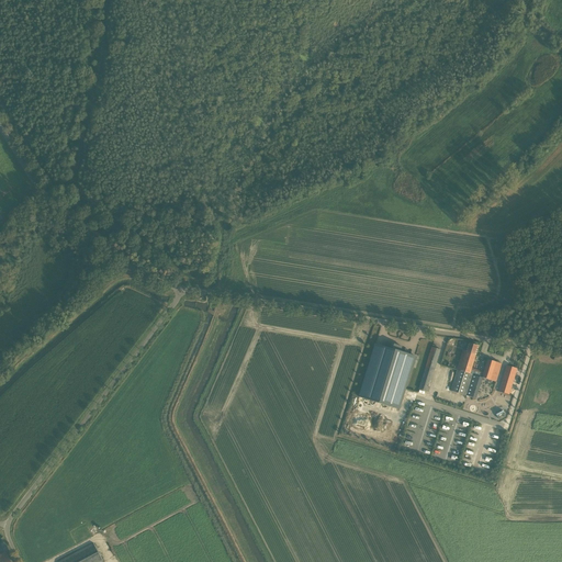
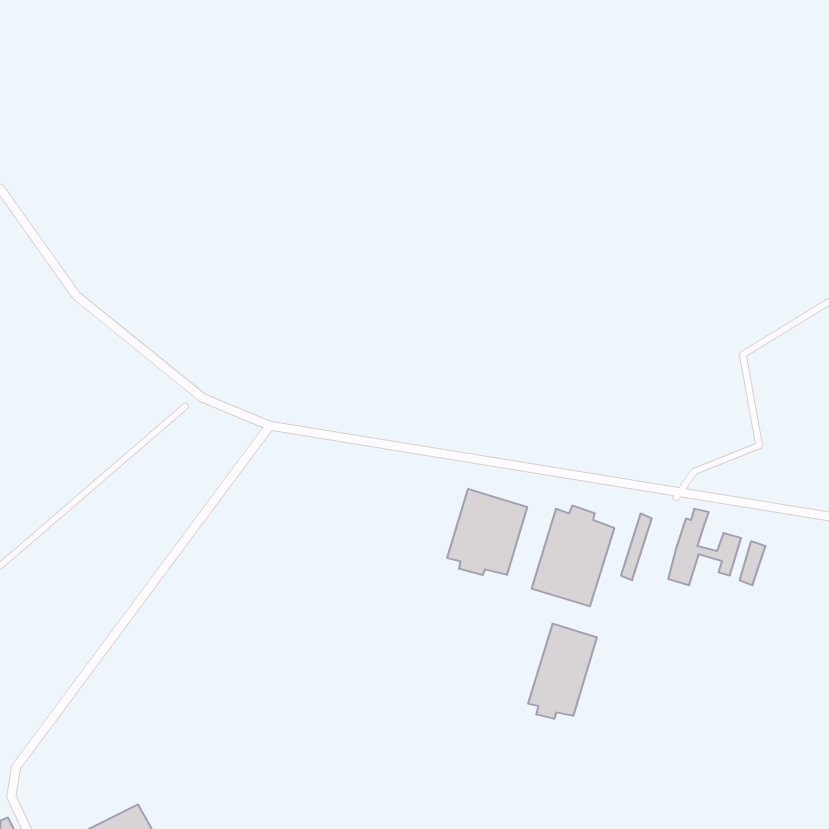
building: none -> [447,489,527,575]
building: none -> [528,624,597,719]

